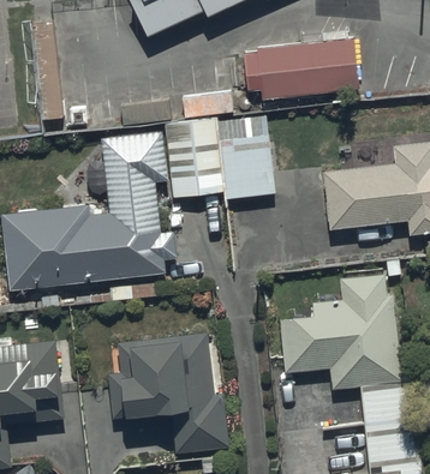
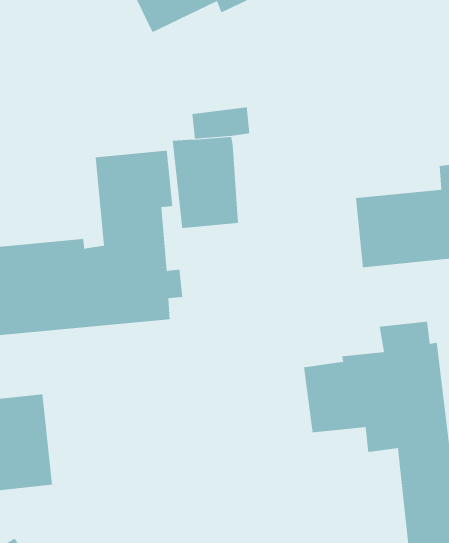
building: [241,41,359,100] -> none
building: [217,121,275,202] -> none
building: [108,332,227,455] -> none

